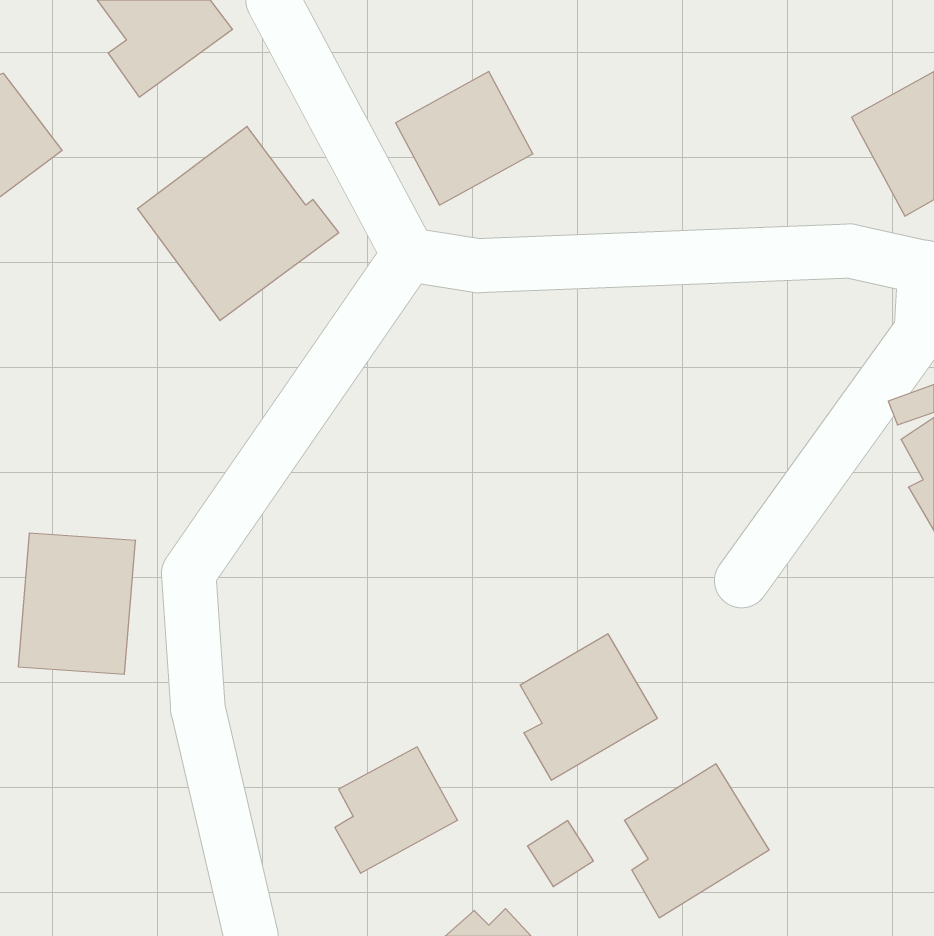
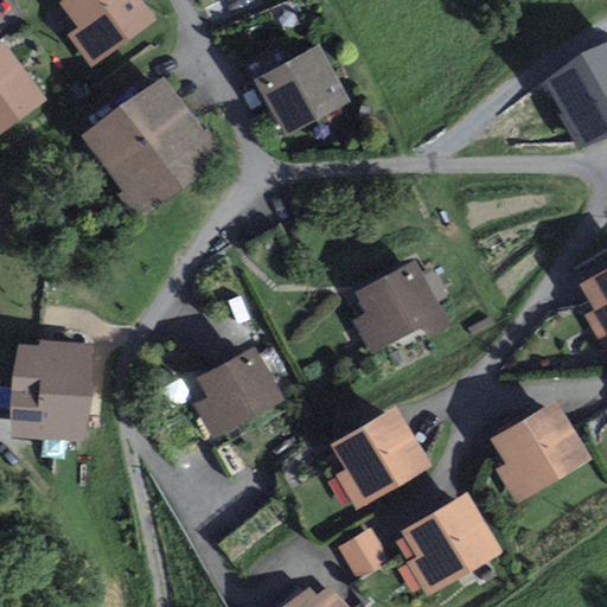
building: none -> [357,263,445,350]
building: none -> [498,404,587,499]
building: [335,747,458,873] -> [198,351,277,433]

